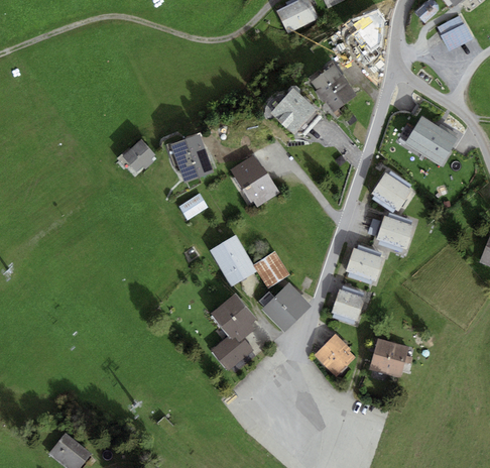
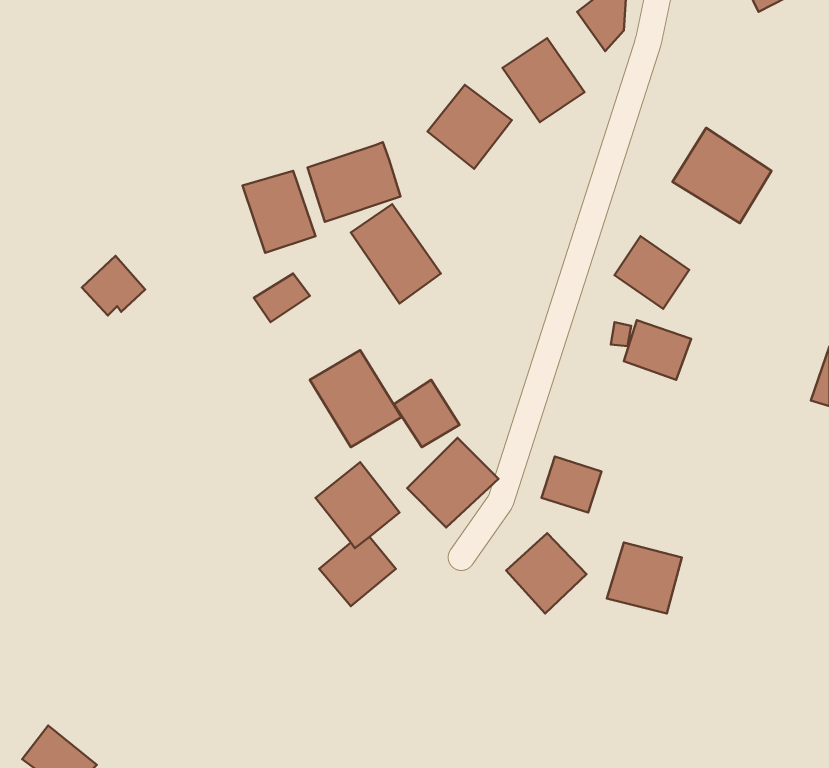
building: none -> [307,142,400,222]
building: [122,138,156,170] -> [82,256,145,316]
building: [347,249,384,282] -> none

